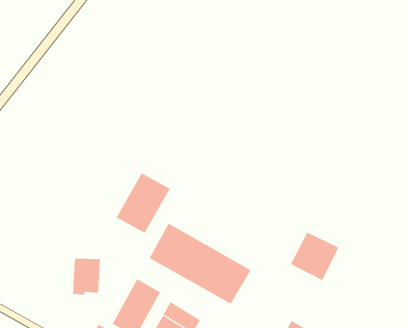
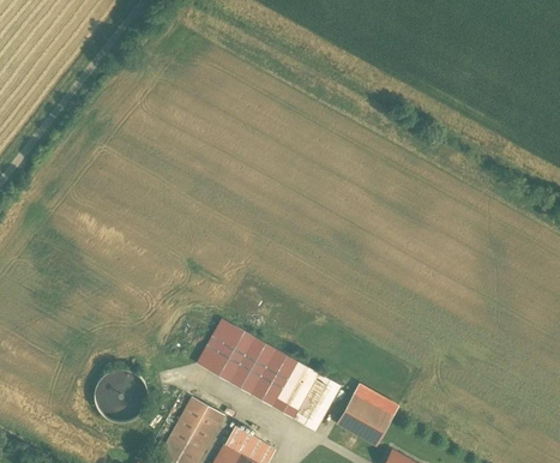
building: [116,172,171,234] -> none
building: [290,232,339,281] -> [337,381,401,445]

